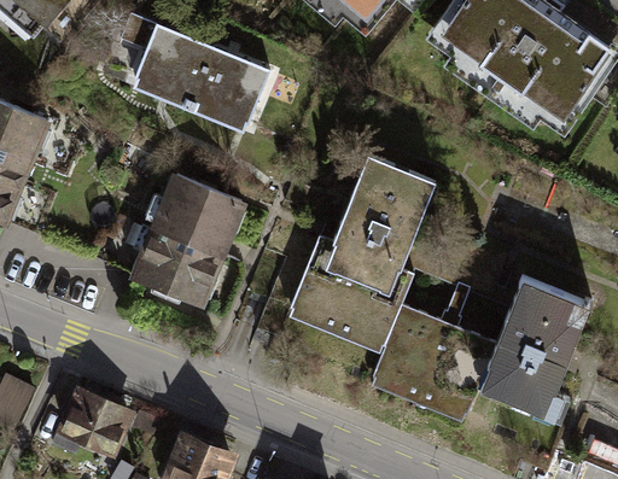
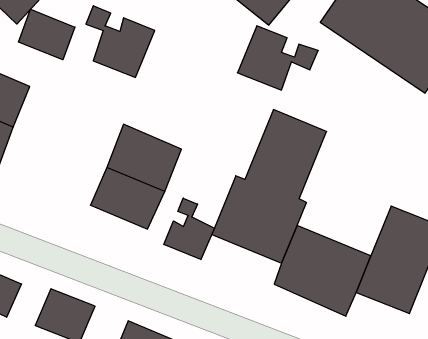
building: none -> [18,9,75,60]
building: [187,48,293,133] -> [237,26,318,90]
building: none -> [164,198,214,260]

